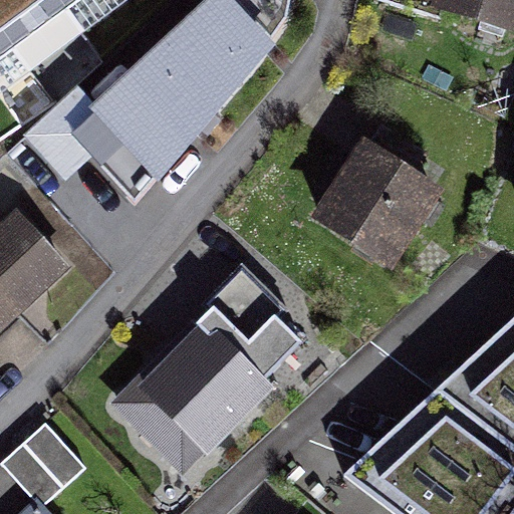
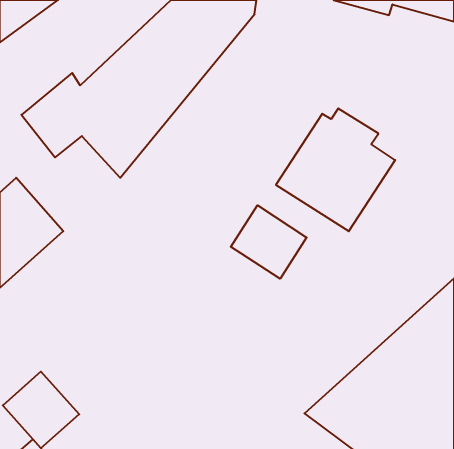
building: none -> [231,205,307,279]
building: [110,270,302,476] -> none

